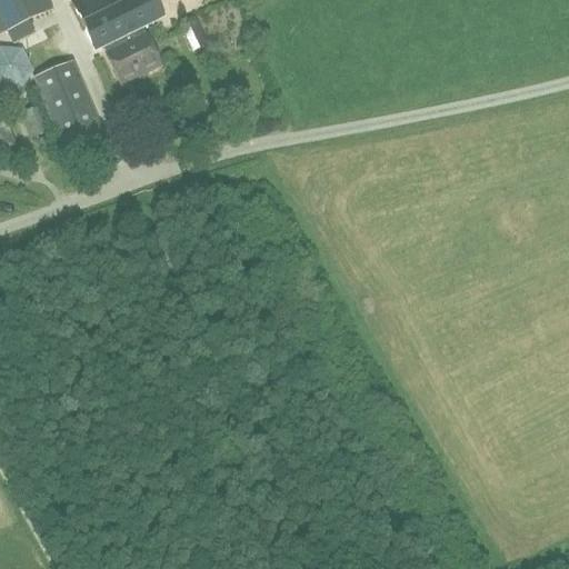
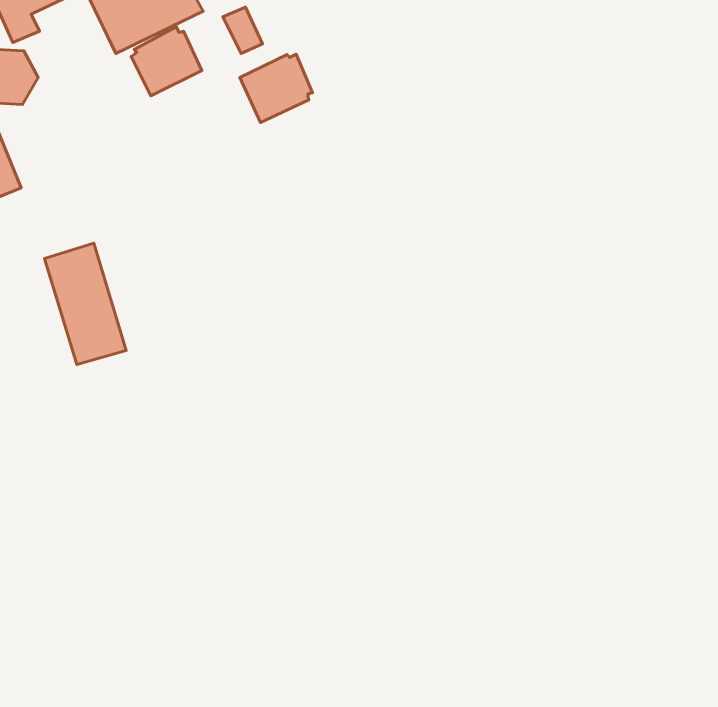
building: none -> [240,54,312,122]
building: [38,61,102,157] -> [44,243,126,364]

